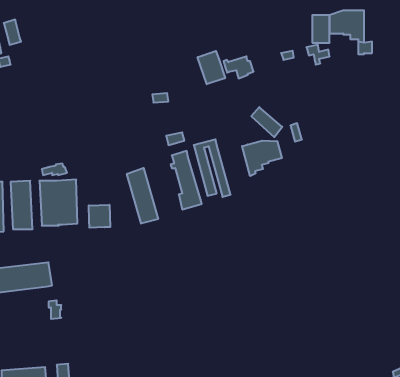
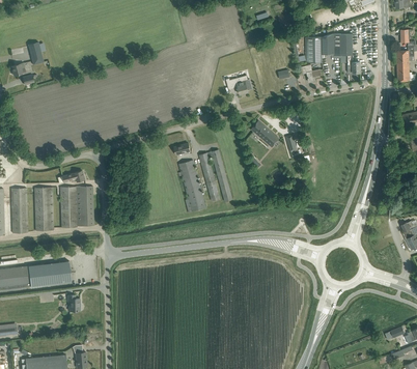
building: [198,51,225,84] -> none
building: [242,141,282,176] -> none
building: [127,168,158,224] -> none
building: [89,205,110,228] -> none

